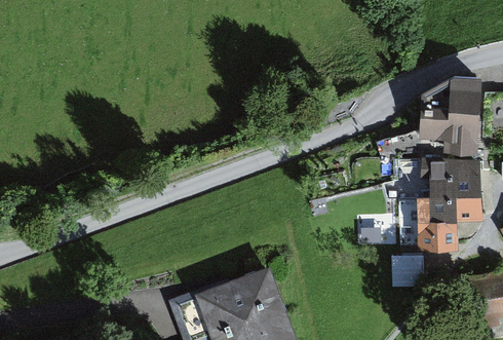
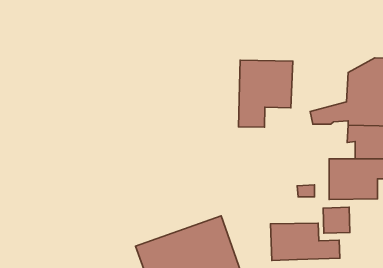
building: none -> [239,60,293,127]
building: none -> [270,223,340,260]

